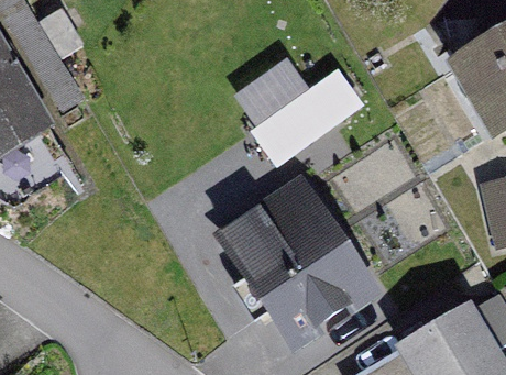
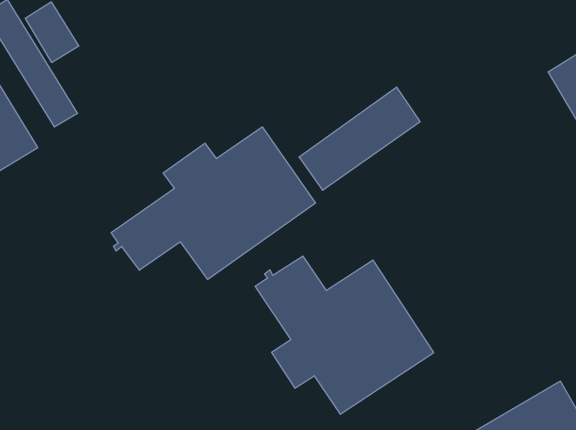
building: none -> [111,127,316,279]

